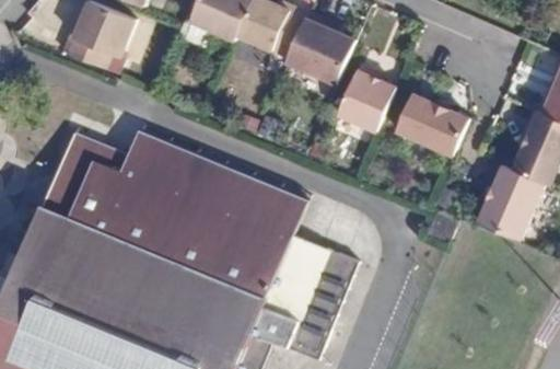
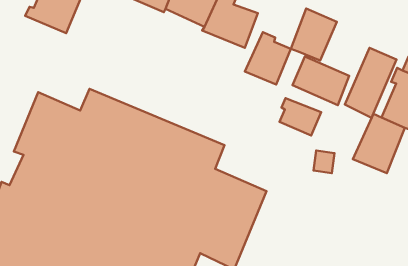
building: none -> [291,9,337,60]
building: none -> [345,48,396,118]
building: none -> [280,98,321,136]

